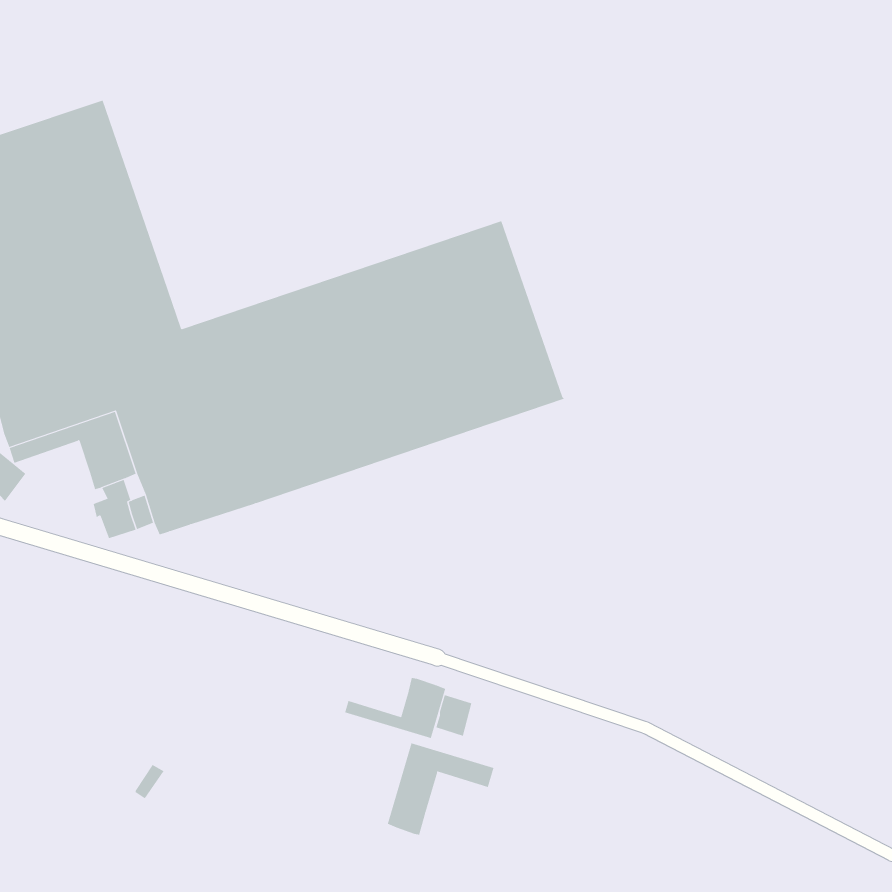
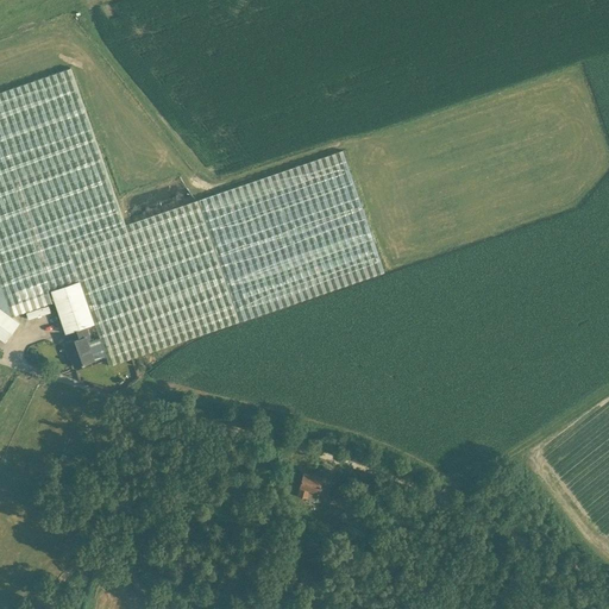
building: [344,677,446,739] -> none
building: [387,742,494,835] -> none

